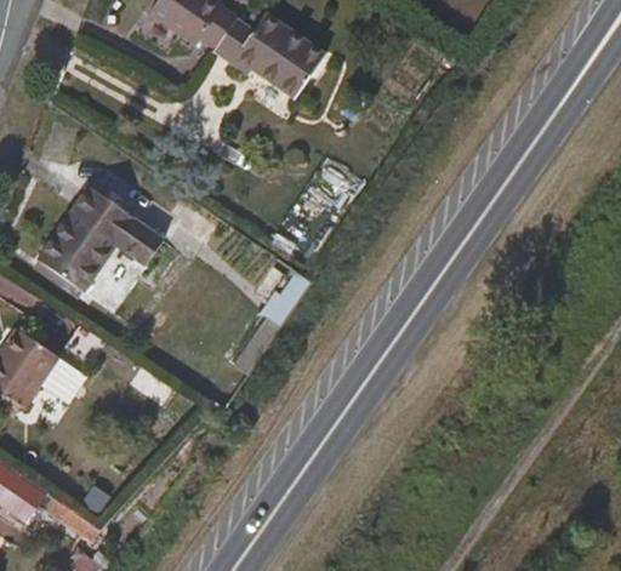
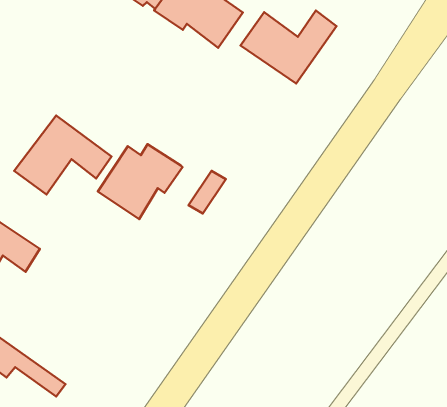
building: none -> [241,11,336,84]
building: none -> [98,144,183,219]

